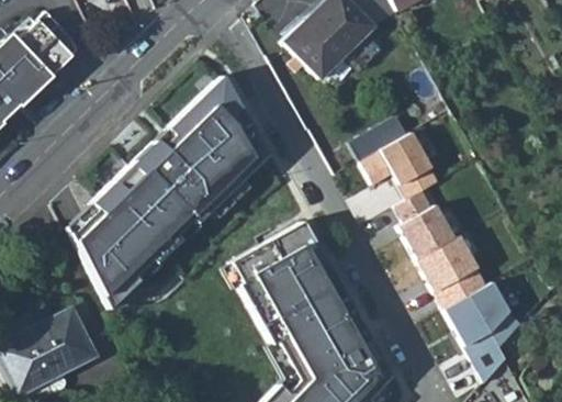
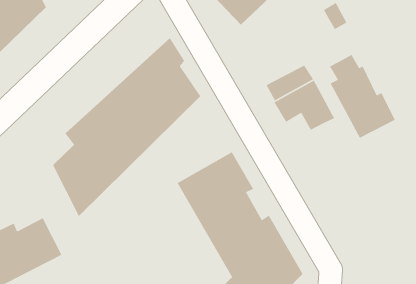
building: [391,191,474,297] -> [329,54,396,139]
building: [446,279,524,381] -> none

